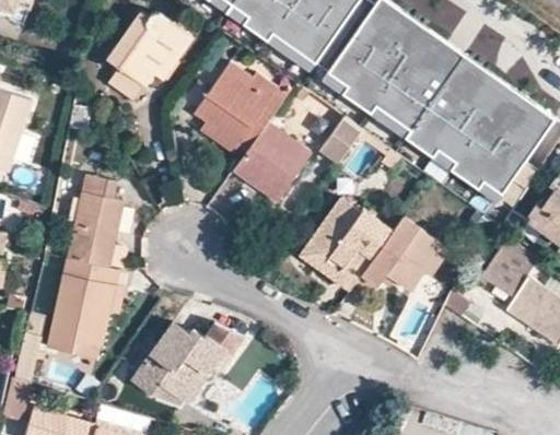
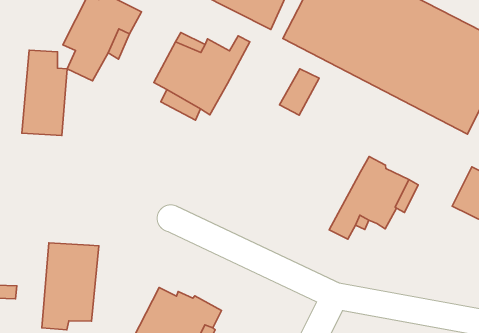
building: [232,121,311,202] -> none
building: [66,176,120,267] -> [22,50,67,135]
building: [299,198,392,290] -> none

